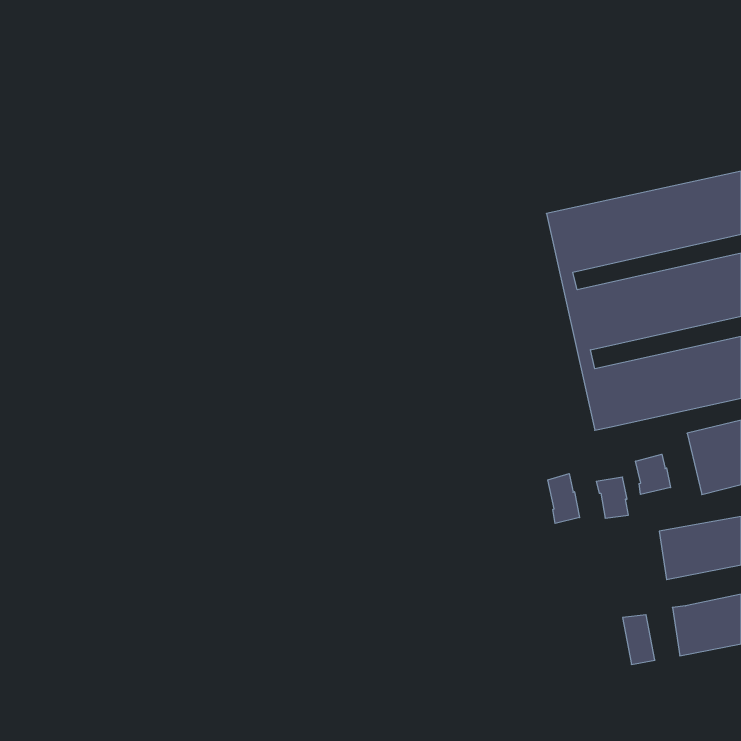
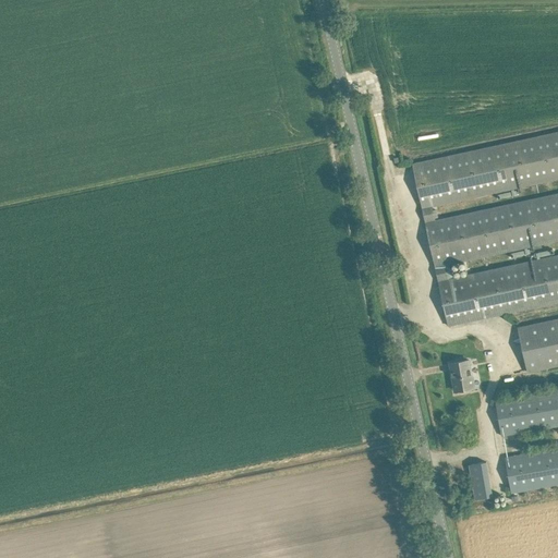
building: [636,454,671,494] -> none
building: [548,474,580,523] -> none

